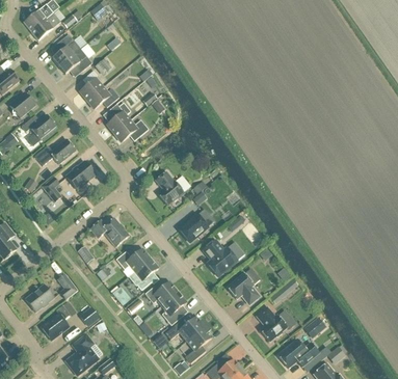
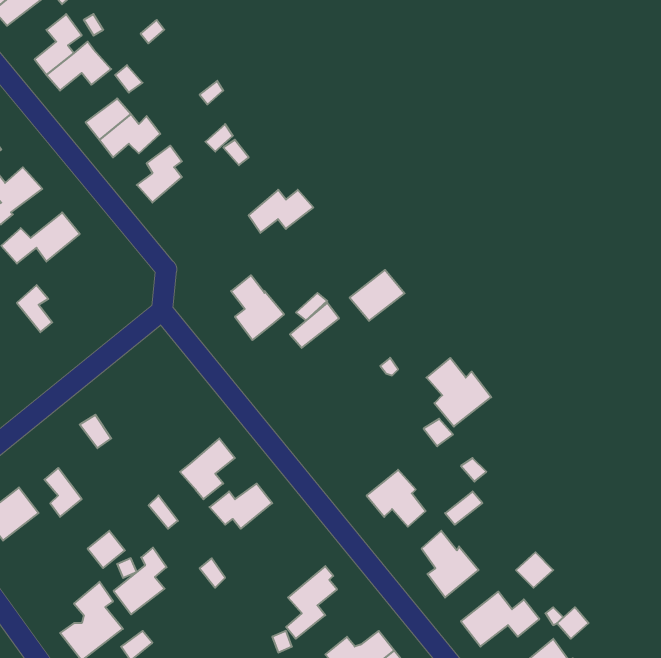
building: [114,119,149,142] -> [249,190,313,233]
building: [65,160,96,190] -> none
building: [179,215,208,242] -> [350,270,405,321]
building: [90,217,129,246] -> none
building: [203,240,237,276] -> [426,358,491,427]
building: [116,248,150,271] -> none
building: [161,292,186,324] -> none
building: [42,304,70,340] -> [114,548,167,614]
building: [165,317,206,342] -> none

